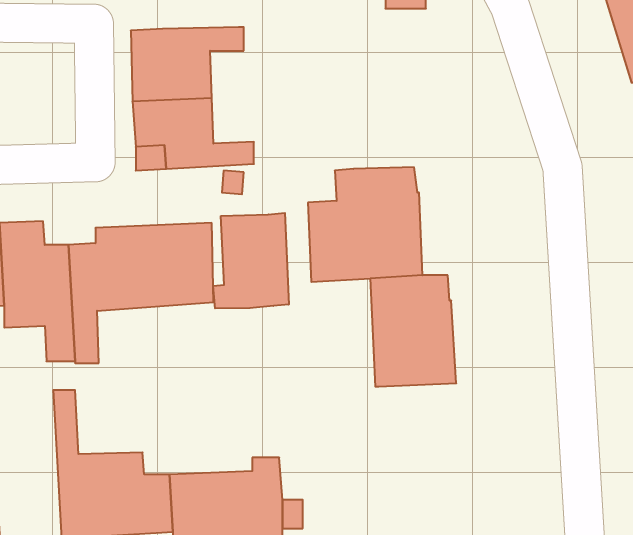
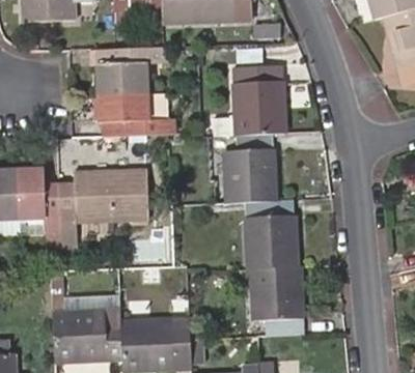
building: none -> [231,66,284,136]
building: [213,213,289,308] -> none
building: none -> [250,267,303,335]

